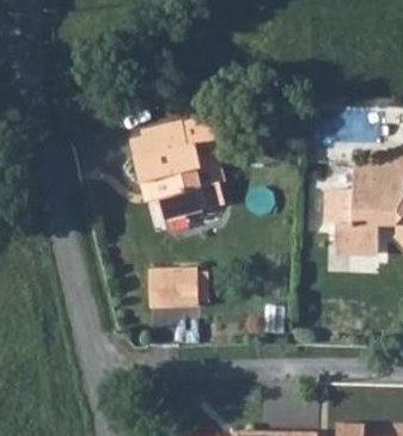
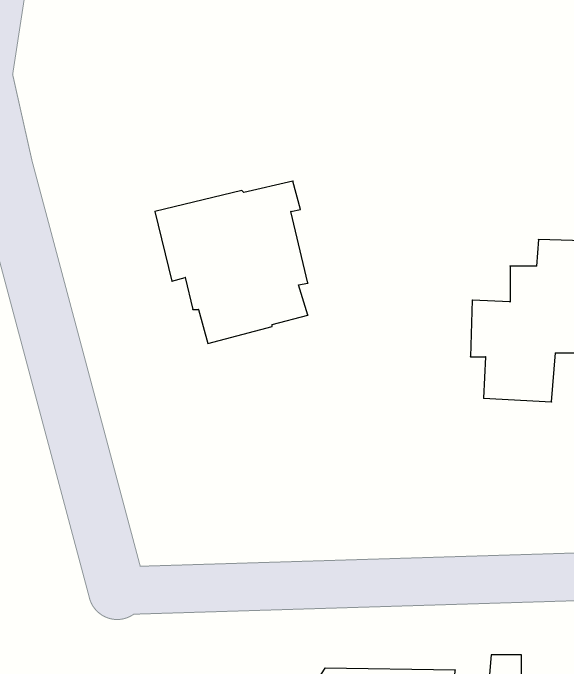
building: [149,269,200,308] -> none

